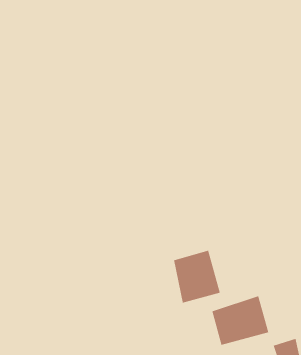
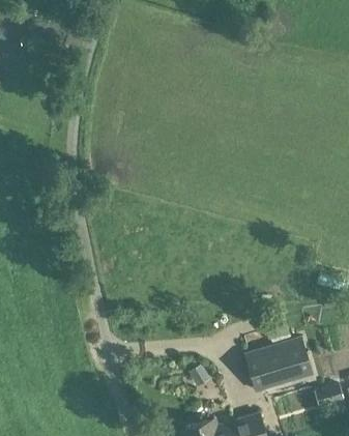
building: [173,250,221,304] -> none

